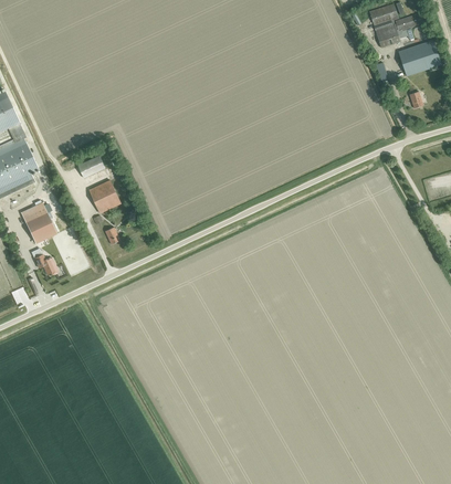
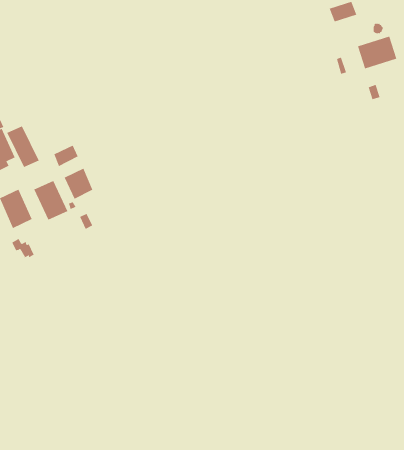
building: [375,12,422,48] -> none
building: none -> [7,126,39,168]
building: none -> [33,180,68,221]

